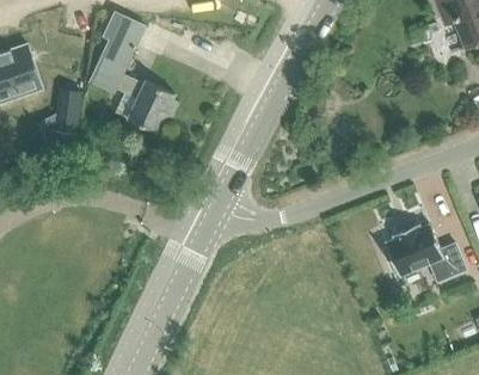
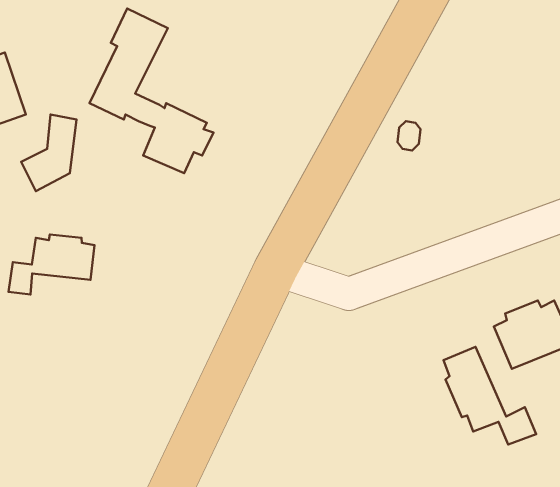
building: none -> [8,235,95,294]
building: none -> [444,347,536,445]

